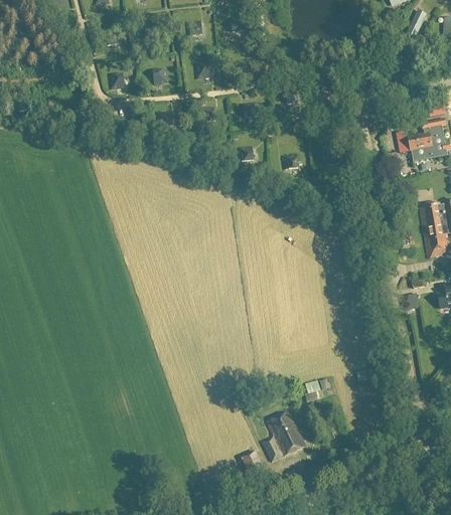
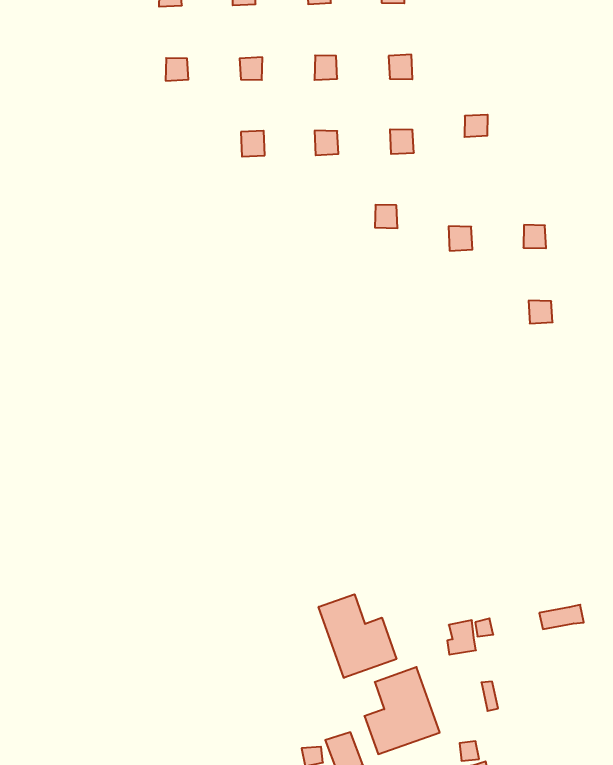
building: none -> [319,594,396,678]

